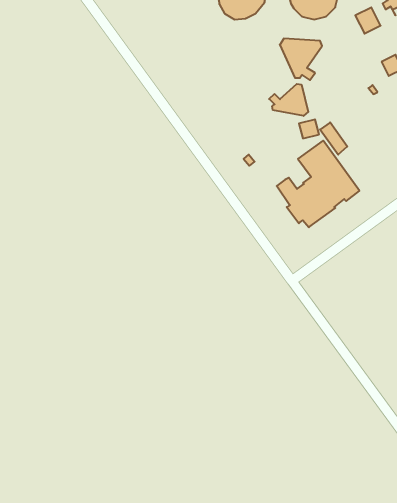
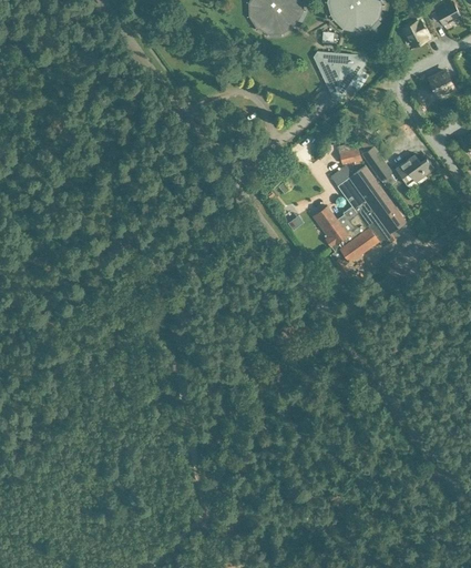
building: [269,84,308,116] -> none
building: none -> [396,154,434,184]

